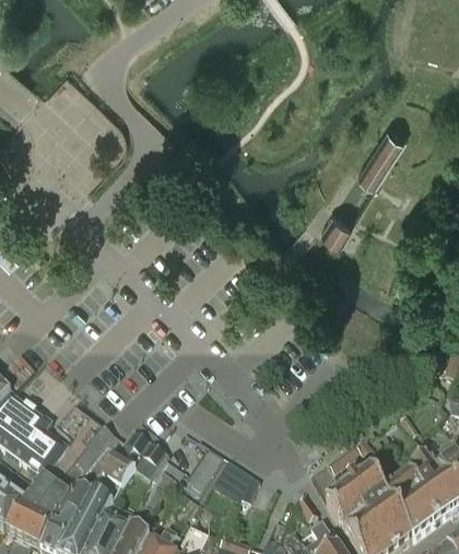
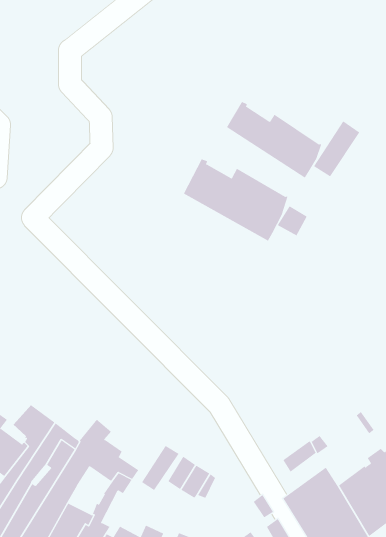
building: none -> [226,101,322,178]
building: none -> [183,158,288,241]

